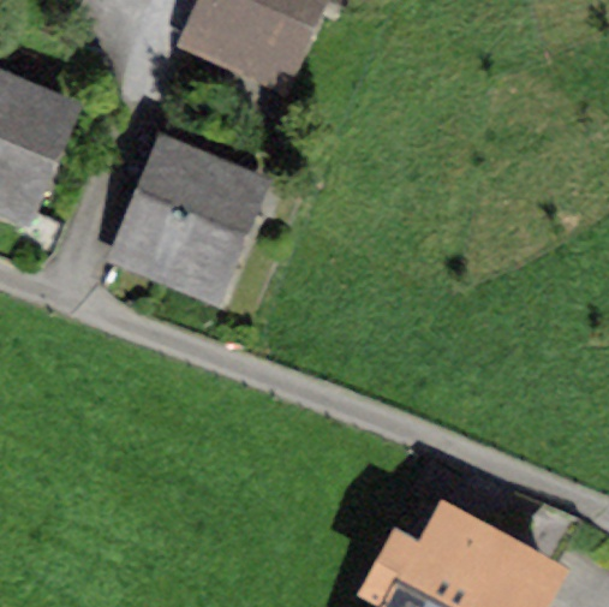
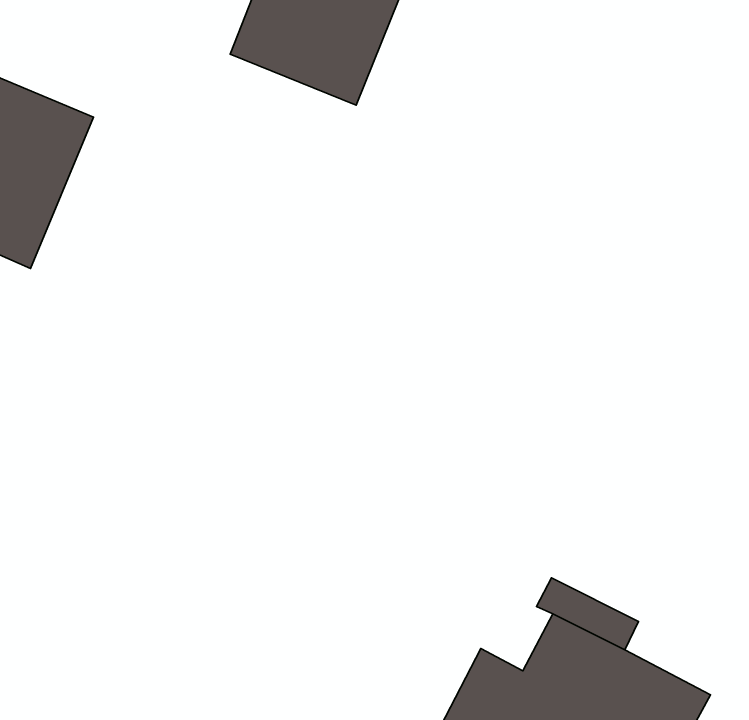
building: [109,139,270,308] -> none

